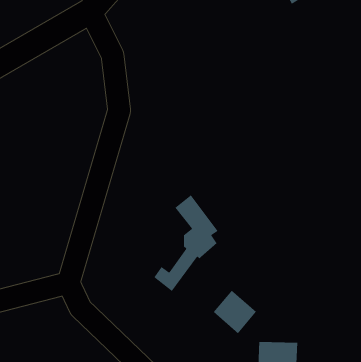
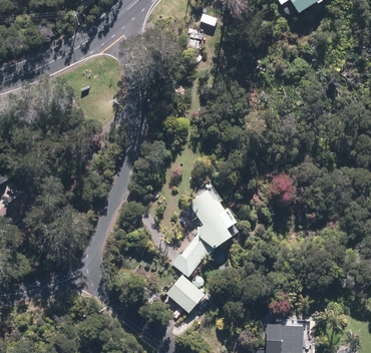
building: [213,290,257,334] -> [164,272,205,312]

